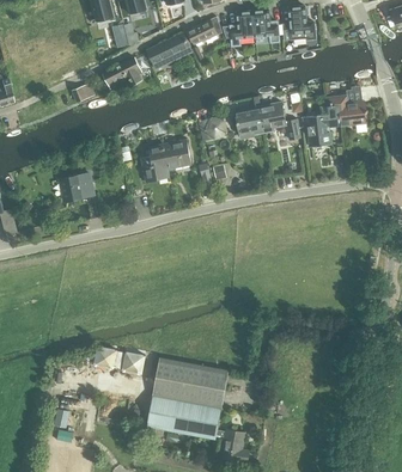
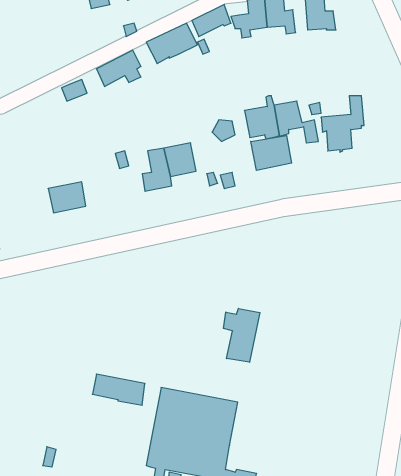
building: [337,96,366,125] -> none
building: none -> [251,135,292,170]
building: none -> [223,308,260,362]

